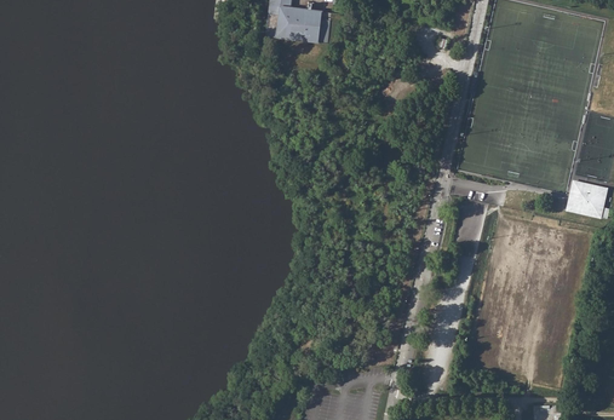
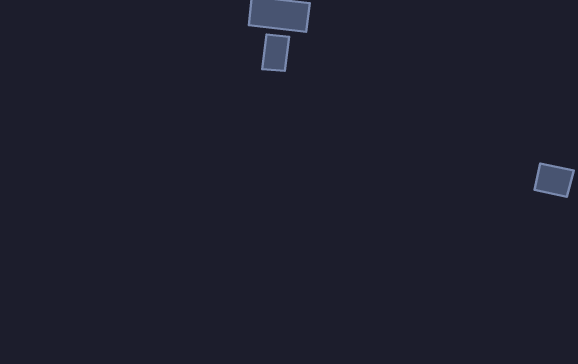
building: none -> [262,34,289,71]

